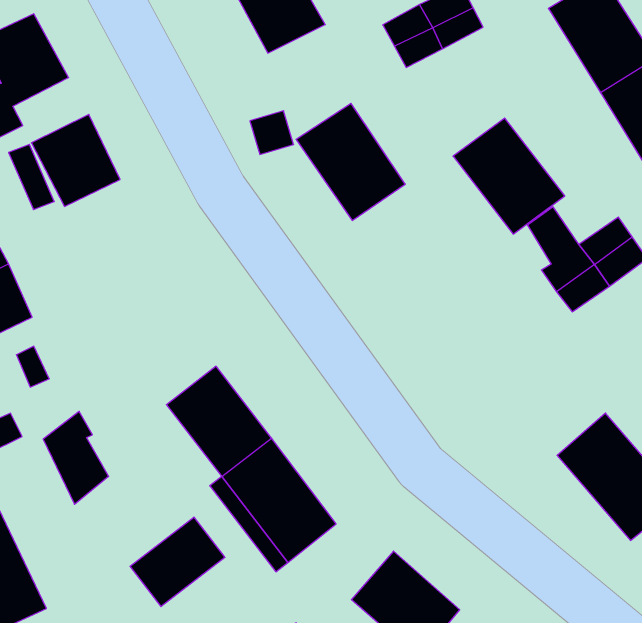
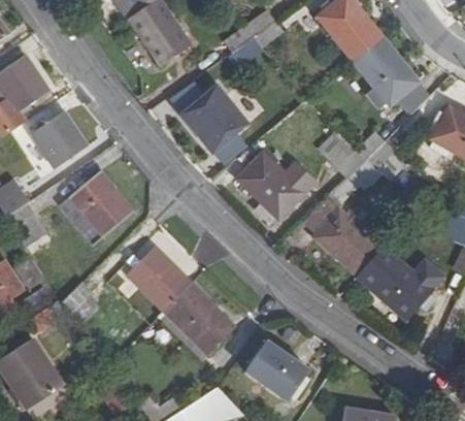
building: [453,118,565,234] -> [236,150,303,216]
building: none -> [57,169,132,241]
building: none -> [312,206,379,271]
building: [130,517,225,607] -> none

